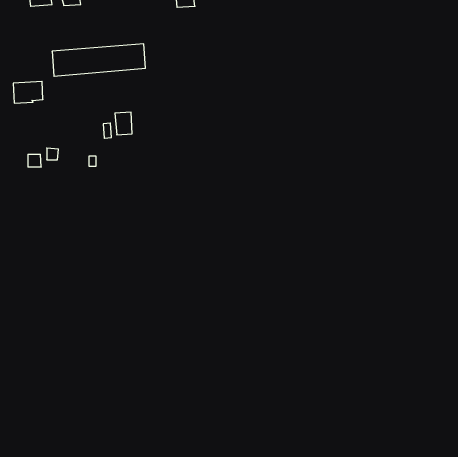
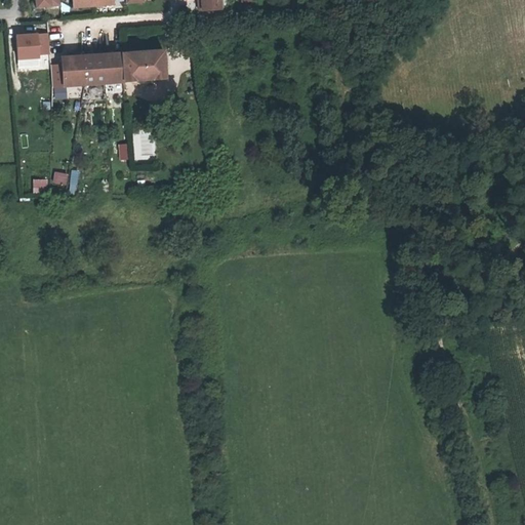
building: [13,81,43,103] -> [14,34,48,58]

